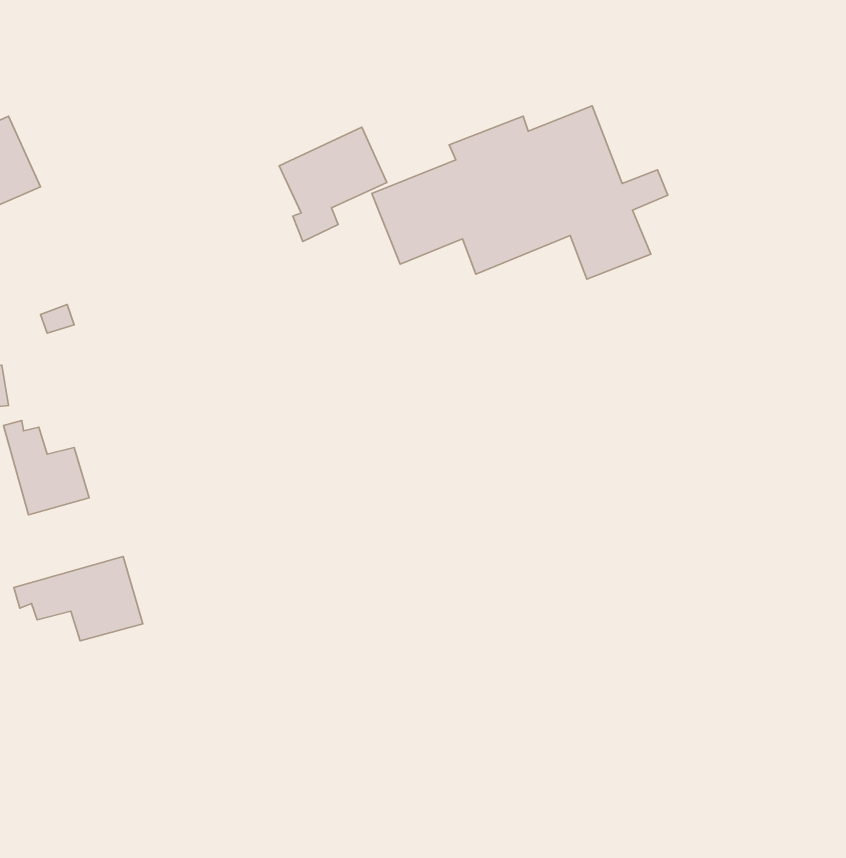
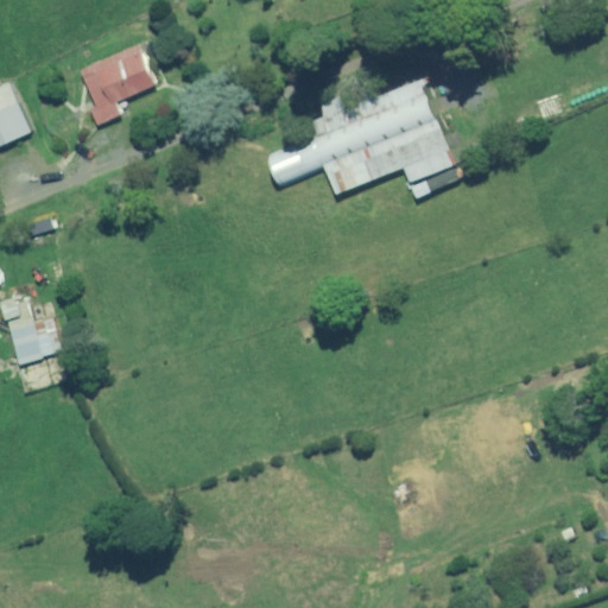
building: [279,127,387,241] -> [80,45,156,126]
building: [14,556,143,641] -> none

